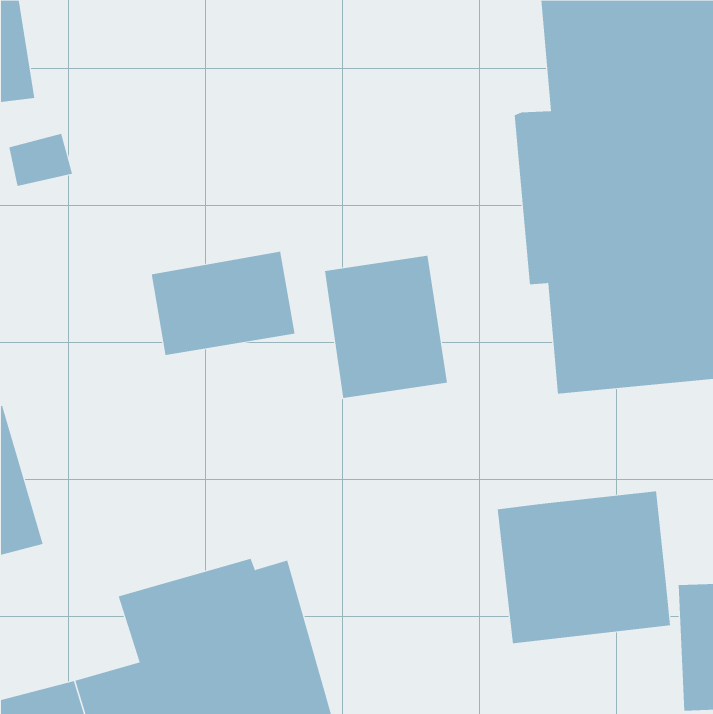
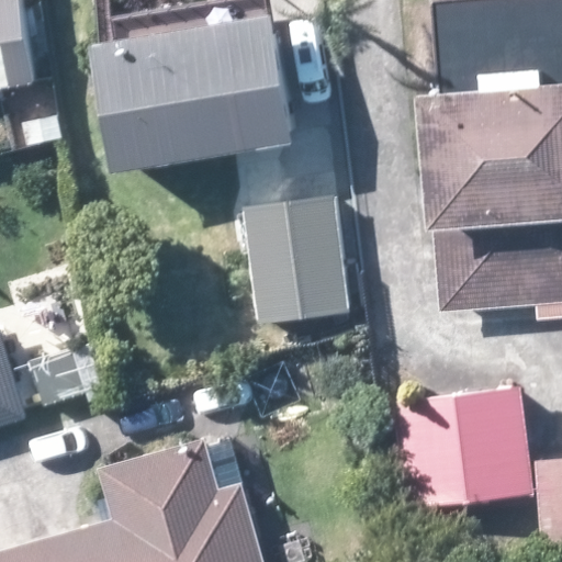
building: none -> [95,15,295,172]
building: [151,251,295,356] -> none

